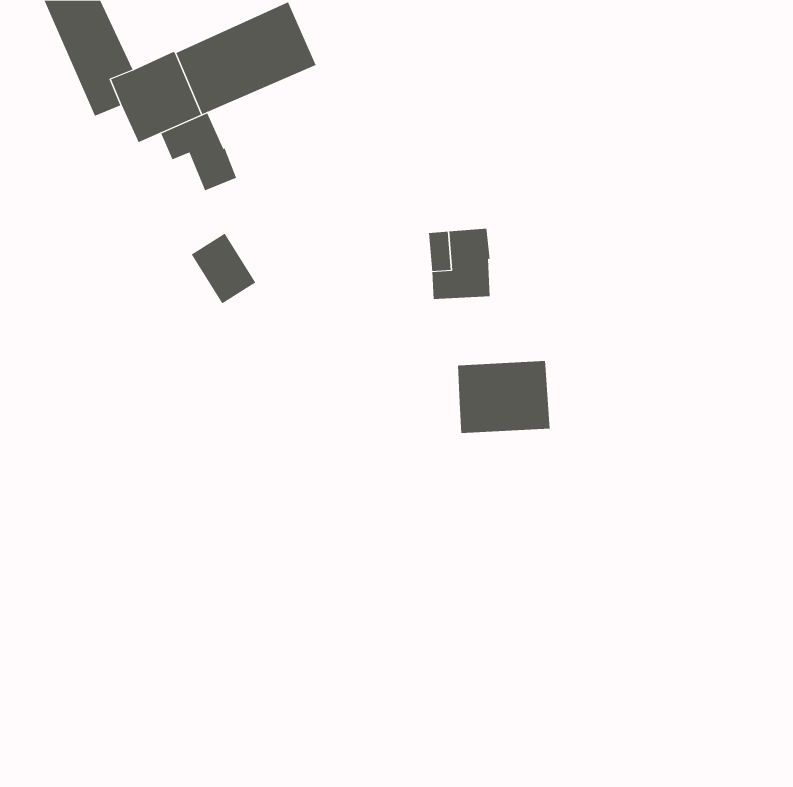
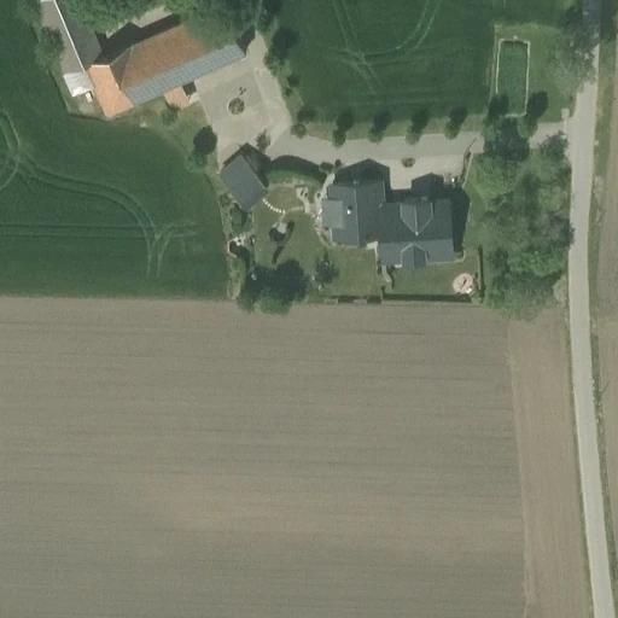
building: [160,112,237,191] -> none
building: [191,233,256,304] -> [217,153,268,209]
building: [457,360,550,433] -> [380,203,453,260]

